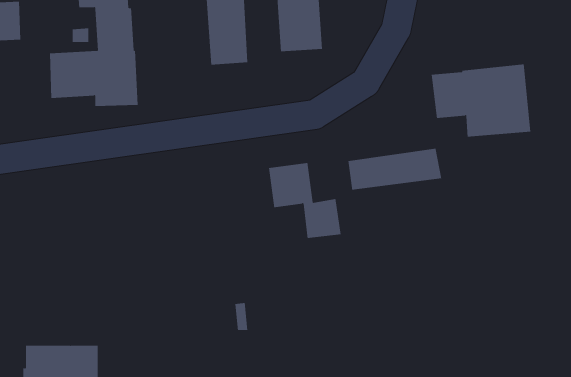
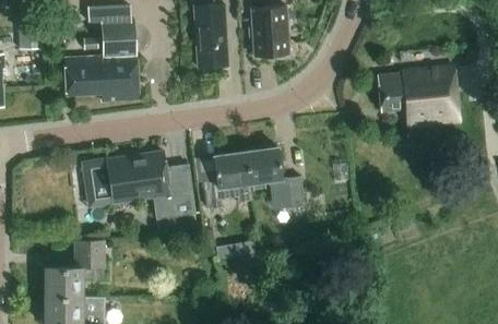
building: [348,148,442,191] -> none
building: none -> [88,152,195,231]
building: none -> [203,152,250,207]
building: none -> [41,241,104,297]

